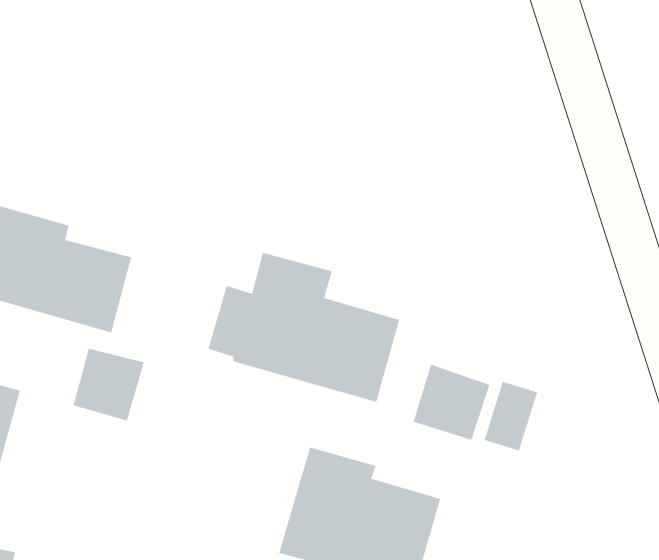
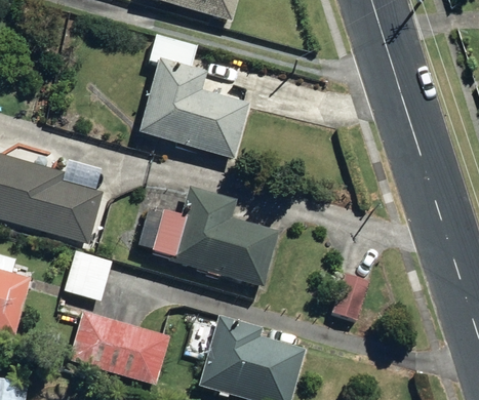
building: none -> [138,58,249,157]
building: [412,363,491,441] -> none
building: none -> [70,312,168,384]

